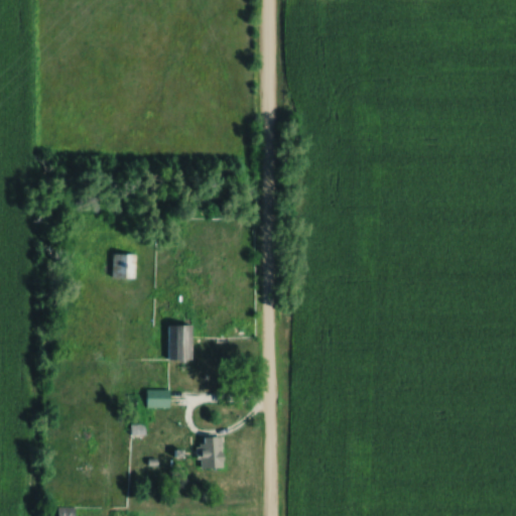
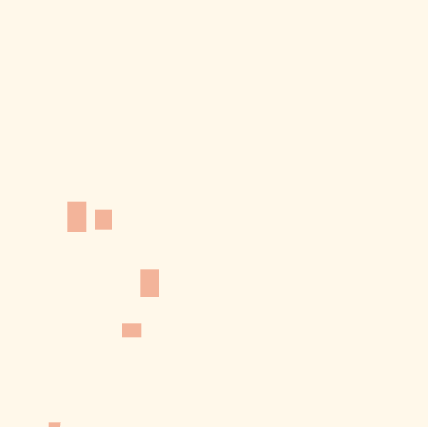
building: none -> [67,201,87,233]
building: [207,437,224,459] -> none

